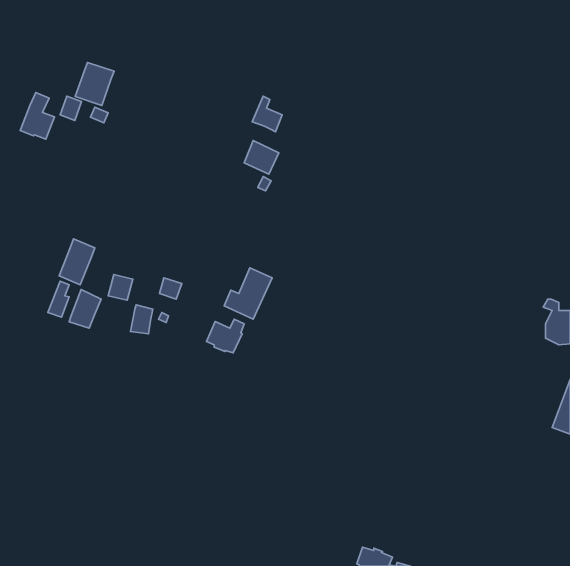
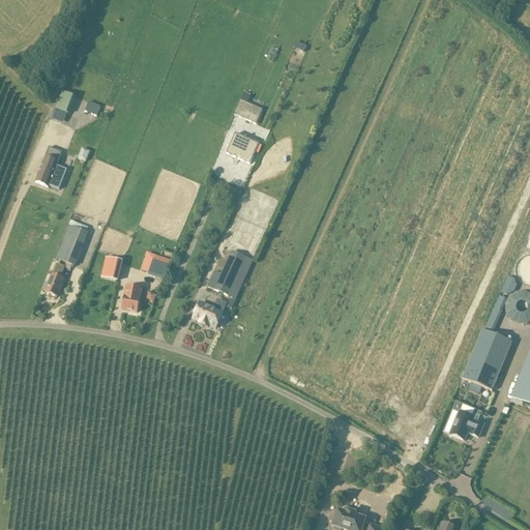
building: [75,62,114,105] -> none
building: [20,92,55,139] -> [35,144,67,187]
building: [69,290,101,328] -> none
building: none -> [463,328,511,388]
building: none -> [450,410,483,438]

